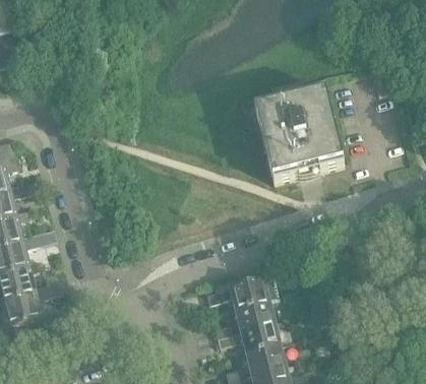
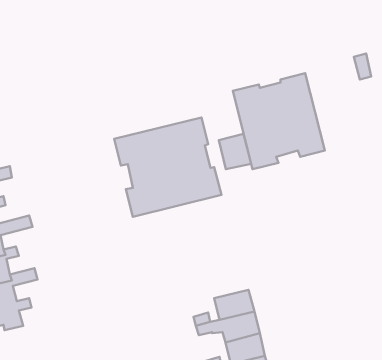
building: none -> [114,117,221,217]
building: none -> [219,134,251,169]
building: [204,274,278,308] -> none

